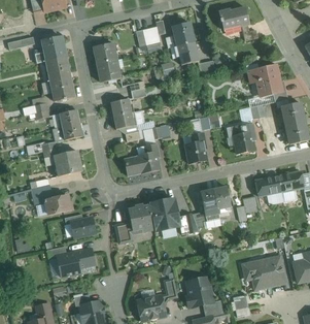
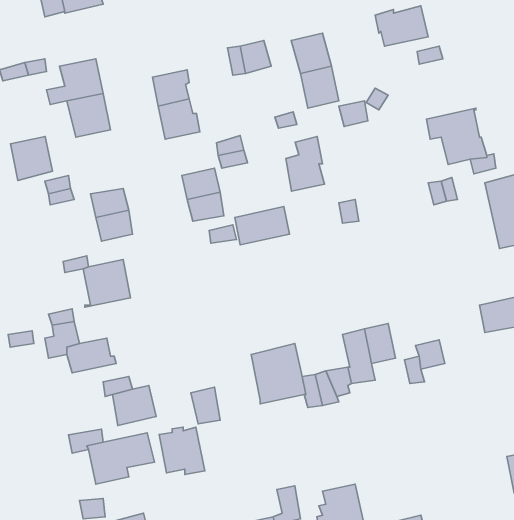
building: [50,76,74,101] -> [10,137,52,180]
building: [233,123,254,153] -> none
building: [185,132,207,163] -> [286,137,324,191]
building: [124,143,160,175] -> none
building: [255,175,281,196] -> none
building: [129,204,154,231] -> [159,427,205,475]
building: [242,255,285,289] -> none

